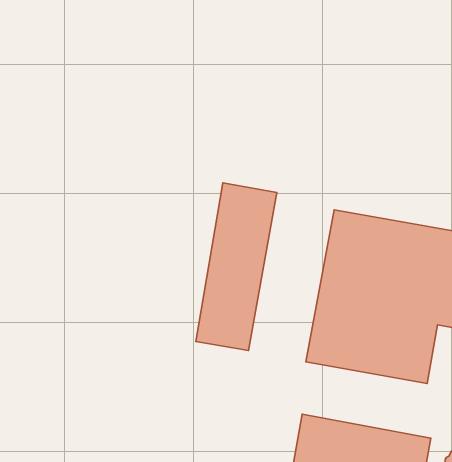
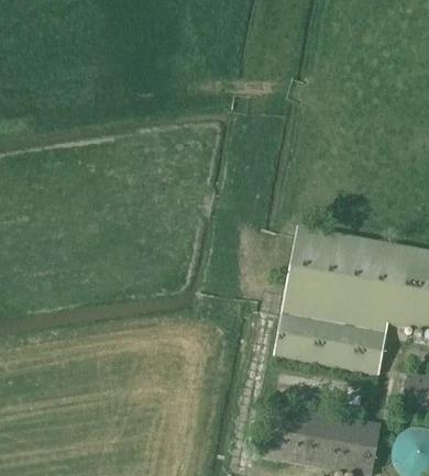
building: [196,183,277,350] -> none

